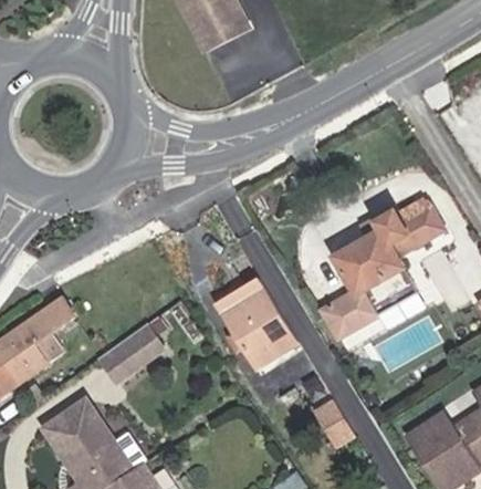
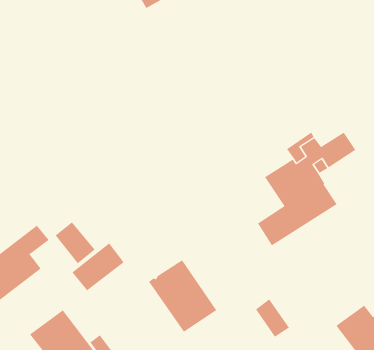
building: [217,281,296,367] -> [148,260,217,332]
building: none -> [55,221,96,264]

